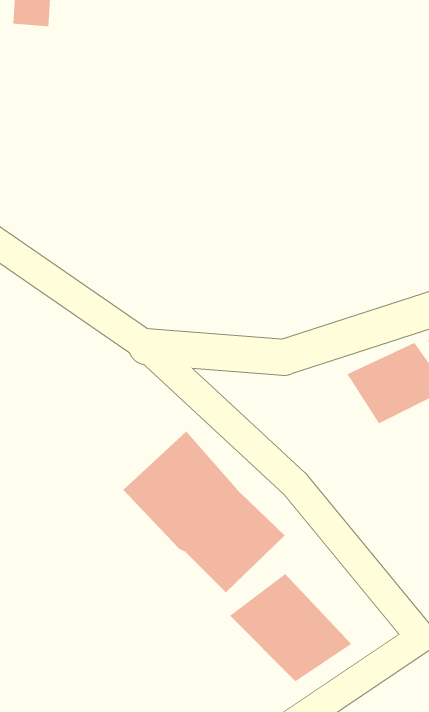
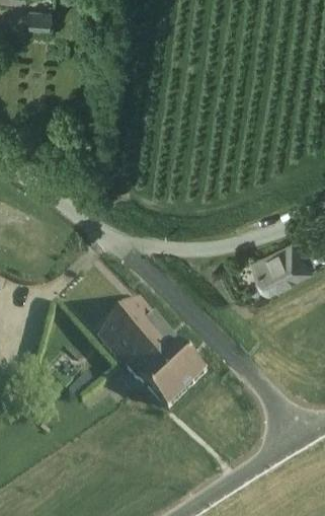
building: [229,573,352,682] -> none

